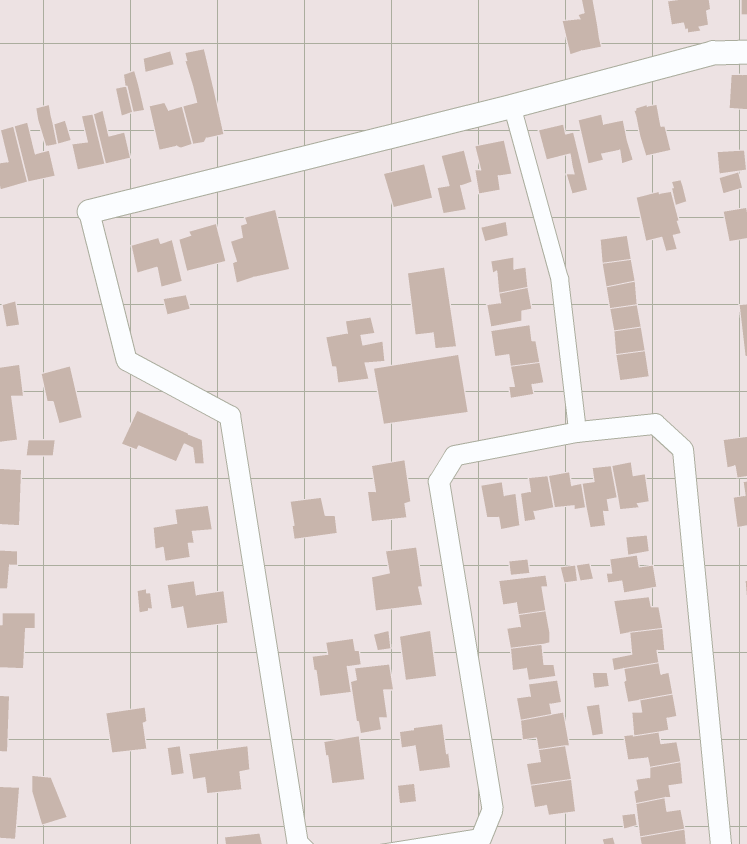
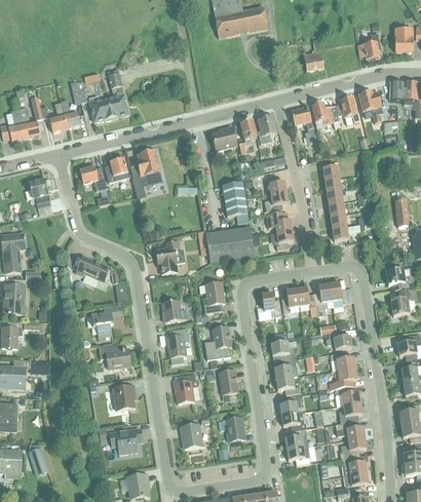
building: [636,192,681,251] -> [359,90,383,121]
building: [325,317,385,383] -> [155,239,186,273]
building: [41,366,83,423] -> [29,178,50,207]
building: [350,664,394,734] -> [166,327,189,363]
building: [106,707,147,753] -> [113,385,135,409]

